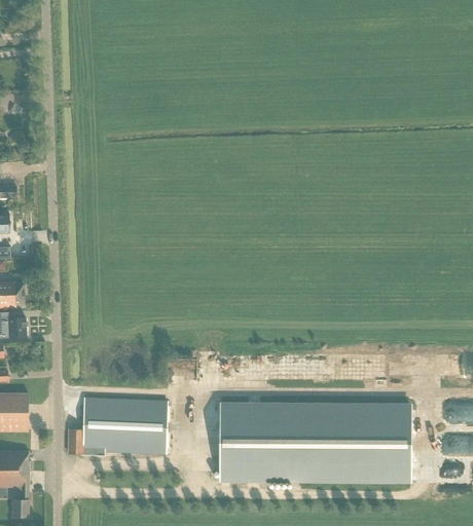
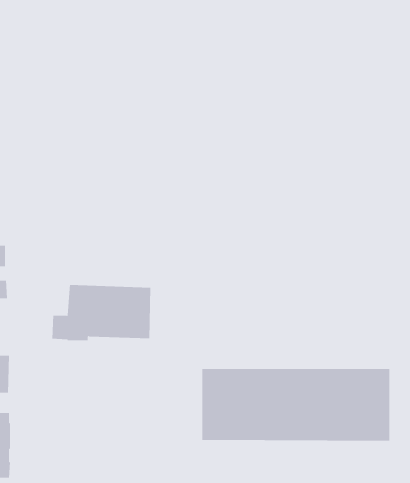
building: [67,399,167,455] -> [52,284,151,341]

